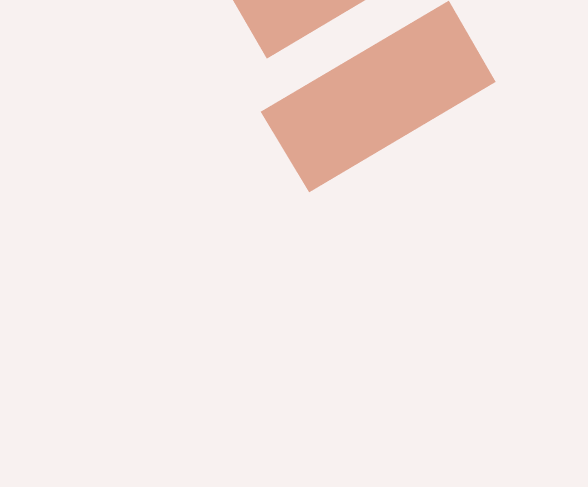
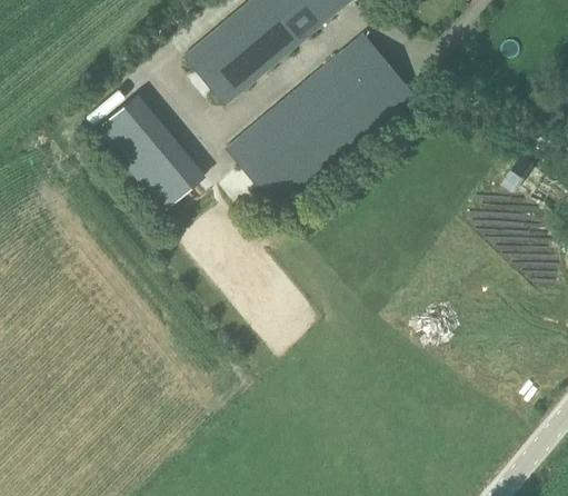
building: none -> [97,92,206,208]

